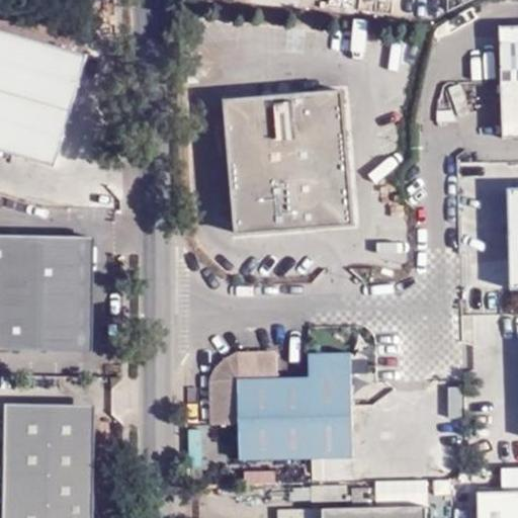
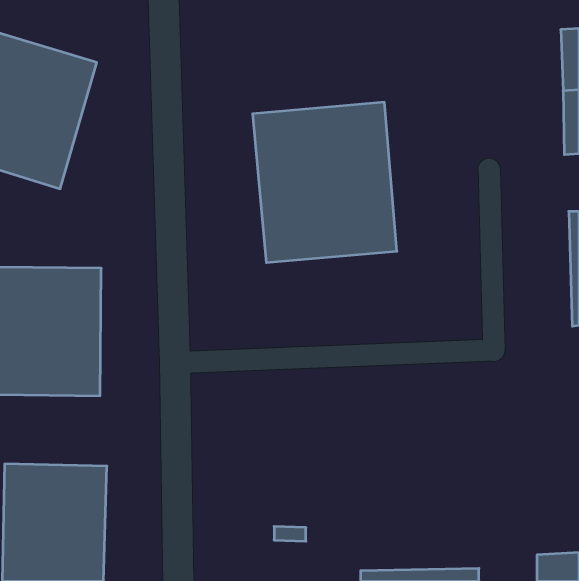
building: [207,351,351,461] -> none

